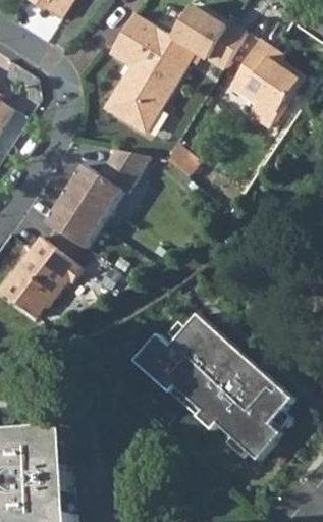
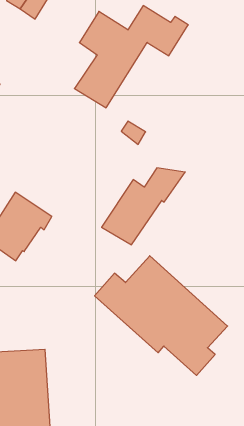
building: [229,44,302,126] -> none
building: [45,153,147,247] -> [102,168,185,245]

